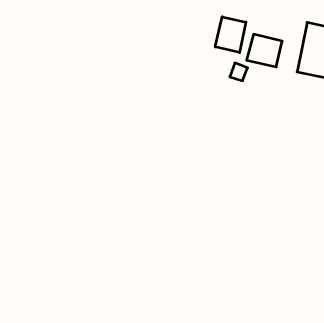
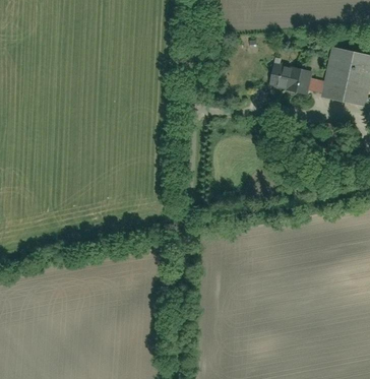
building: [215,17,246,53] -> none

